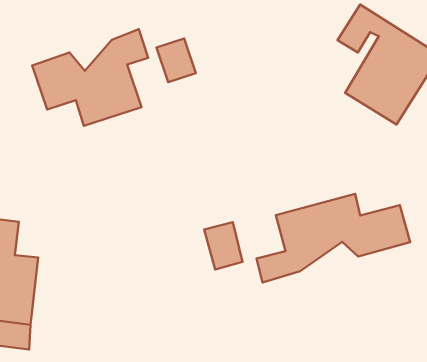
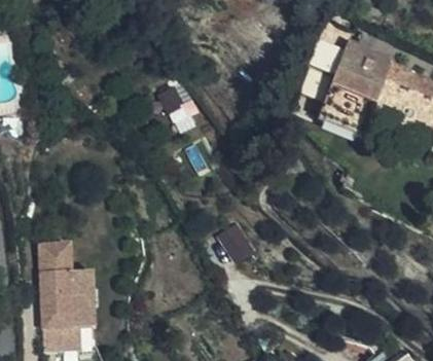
building: [32,29,148,126] -> none
building: [256,194,410,283] -> none

